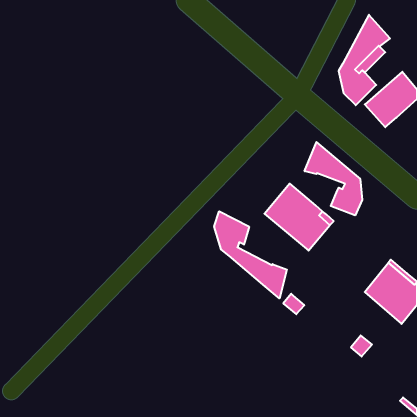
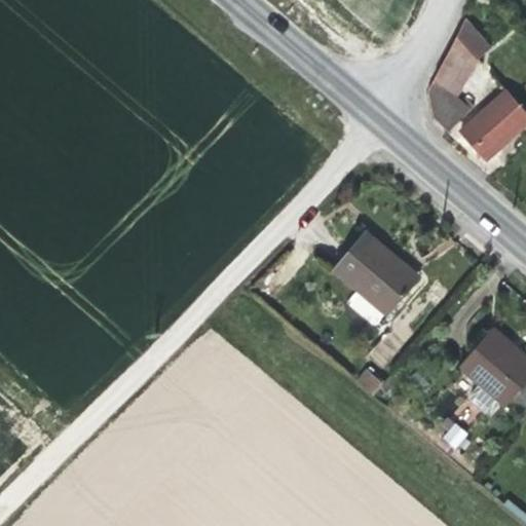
building: [305,142,362,215] -> none
building: [214,211,287,298] -> none

